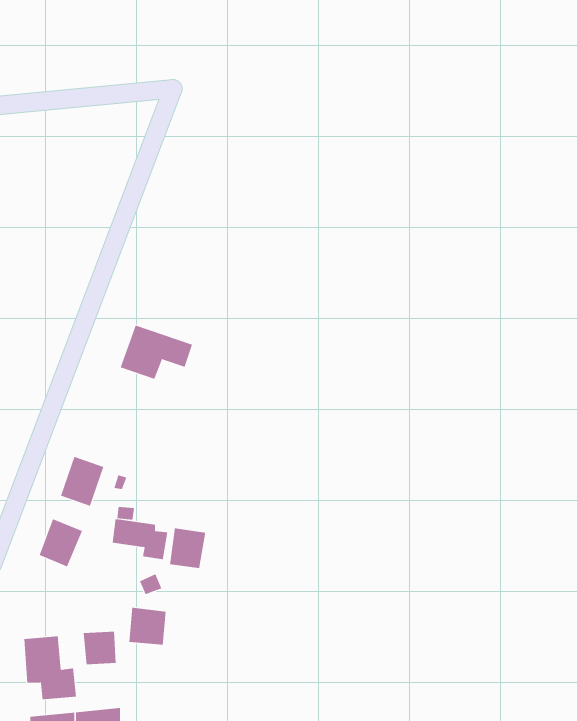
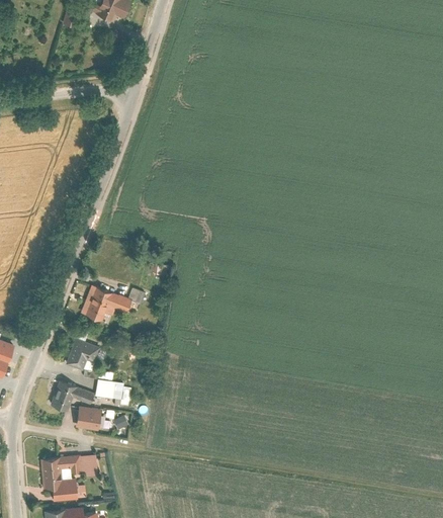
building: [120,325,193,380] -> [82,285,130,322]
building: [170,528,206,569] -> none
building: [129,607,167,645] -> [74,406,99,431]

